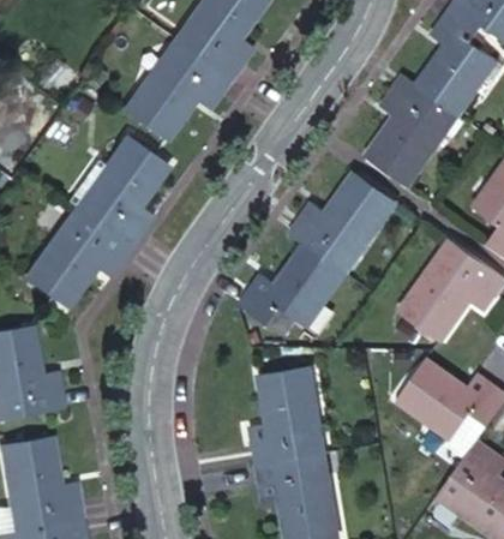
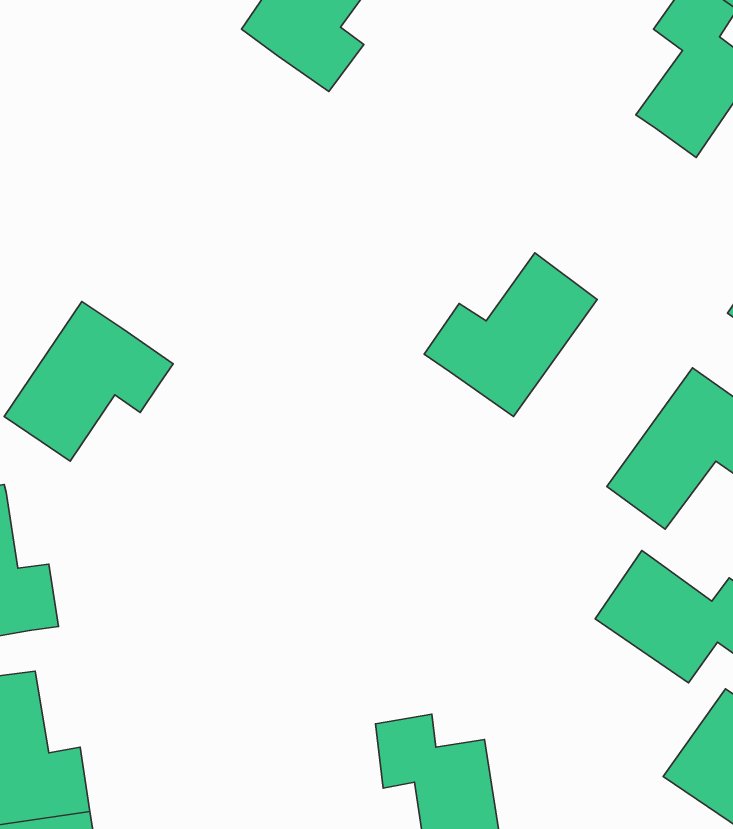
building: [125,54,230,138] -> none
building: [368,78,444,187] -> none
building: [91,132,168,244] -> none
building: [239,248,344,333] -> none
building: [254,366,323,466] -> none

